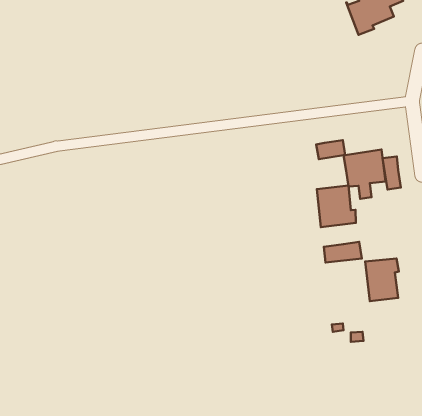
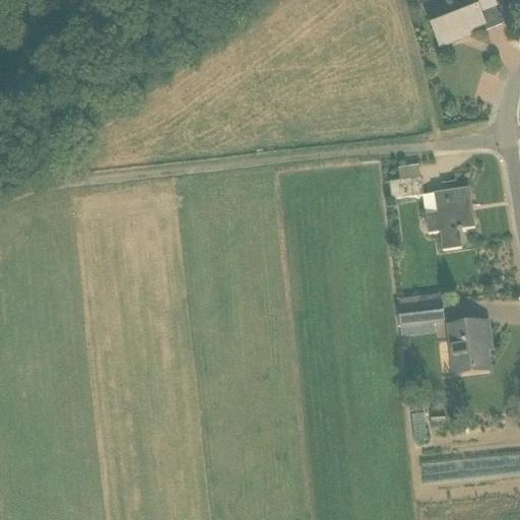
building: [383,156,401,190] -> none
building: [317,185,356,227] -> none

